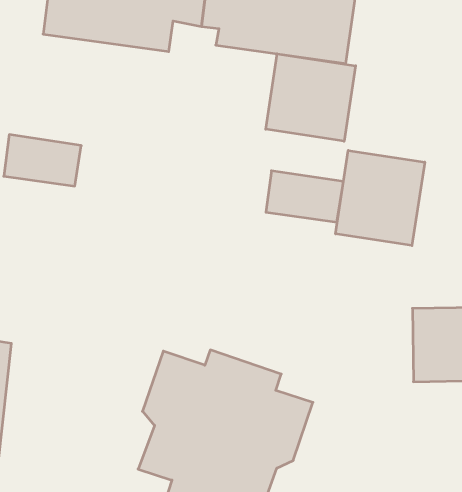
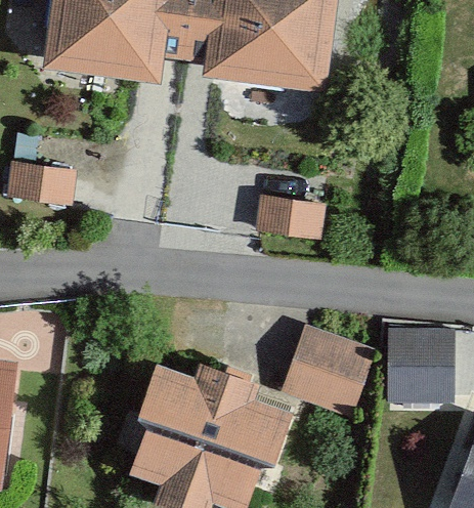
building: [266,54,356,141] -> none
building: [336,150,425,246] -> none
building: none -> [279,325,377,420]

